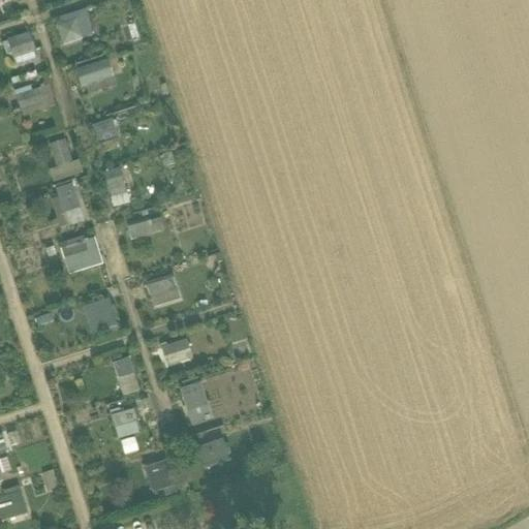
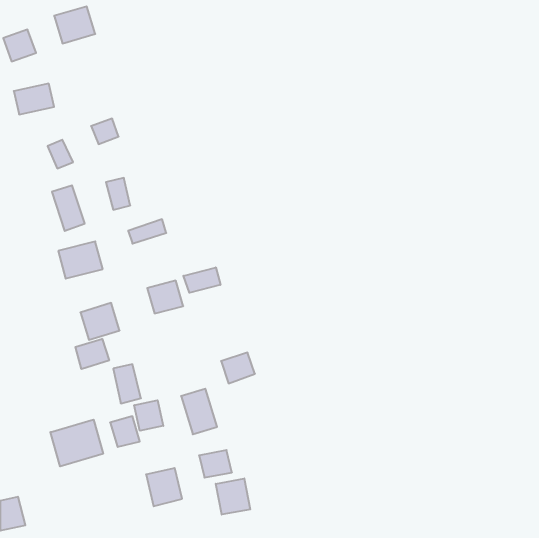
building: [74,60,112,86] -> none
building: none -> [183,267,220,293]
building: none -> [75,339,109,369]
building: [160,336,193,366] -> [221,353,255,383]
building: none -> [134,400,163,431]
building: none -> [50,420,103,466]
building: none -> [216,478,250,515]

